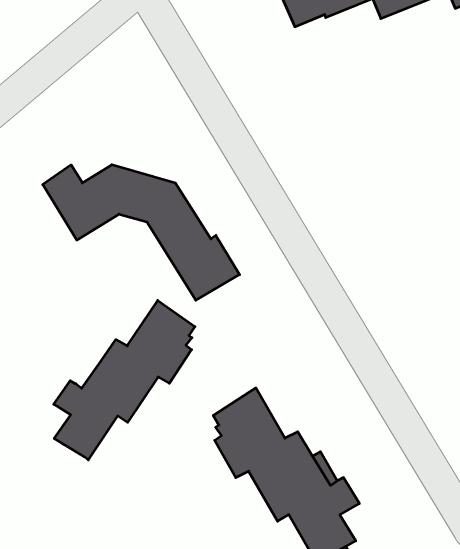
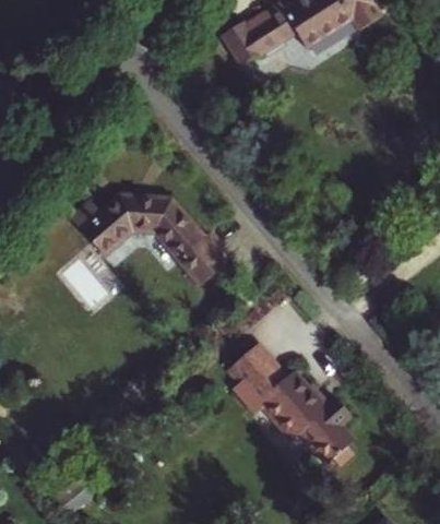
building: [54,300,195,460] -> none

